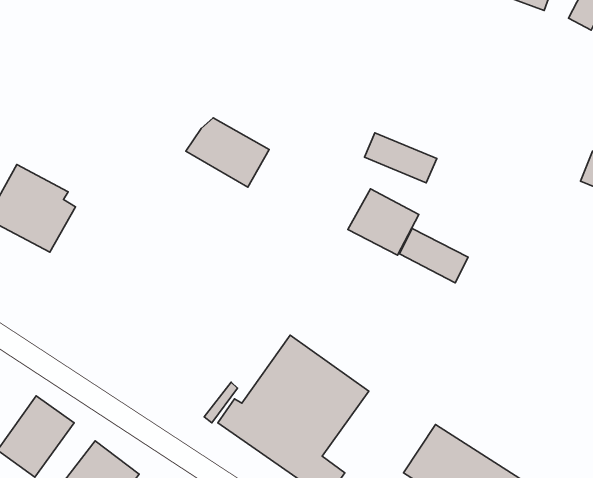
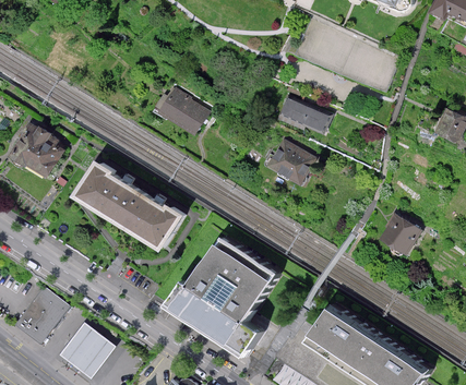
building: none -> [77,159,184,248]
building: [400,228,468,283] -> none
building: none -> [380,215,423,257]

